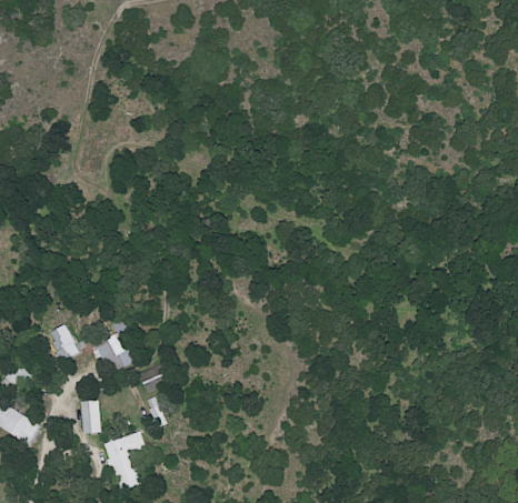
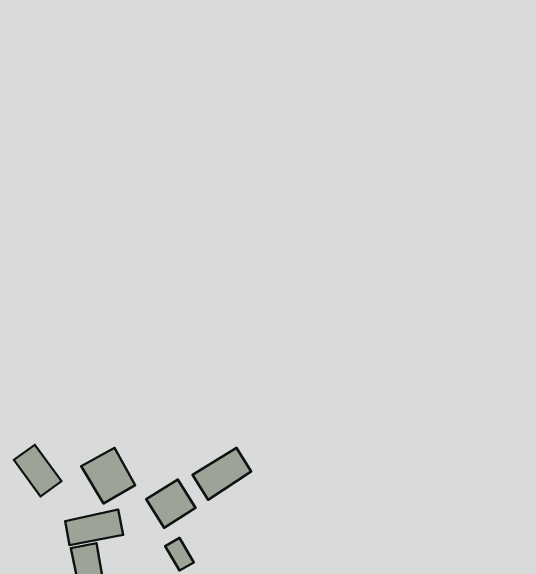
building: none -> [193,448,251,500]
building: none -> [65,510,123,545]

